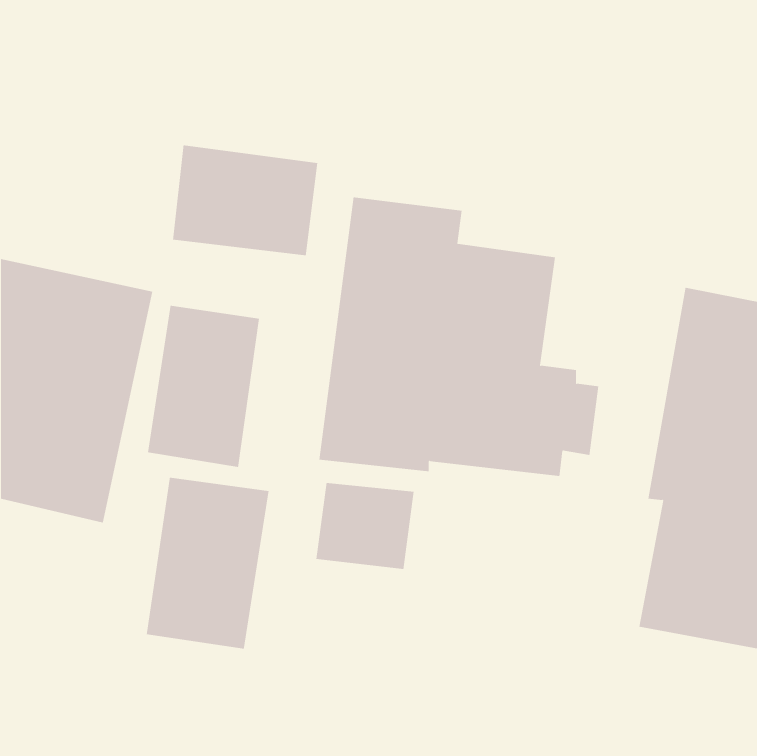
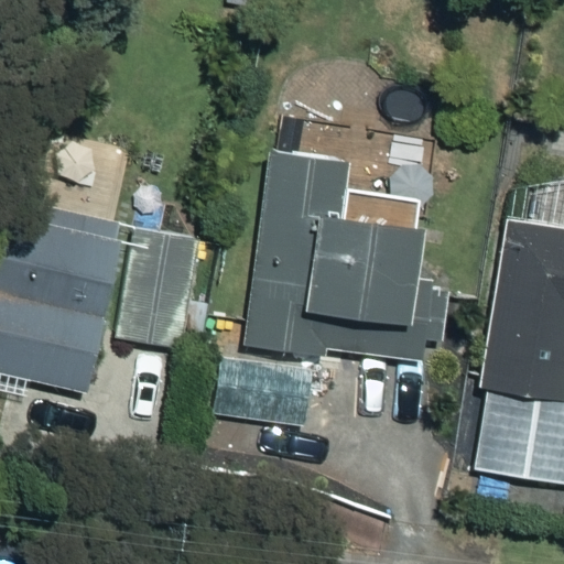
building: [172,144,318,256] -> none
building: [146,477,269,649] -> none

